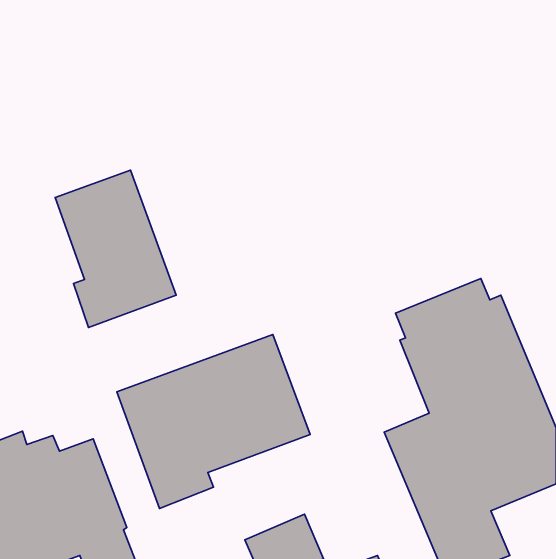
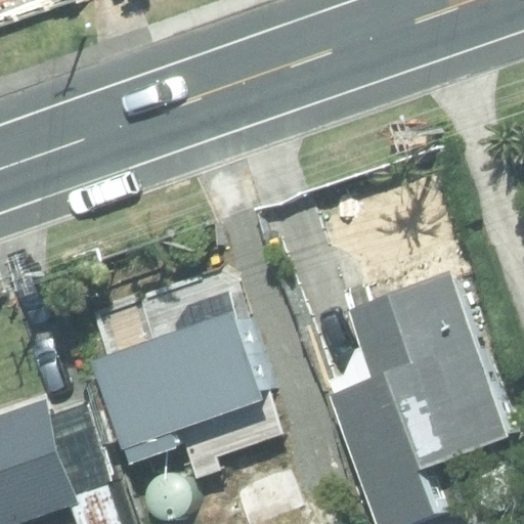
building: [55,170,176,327] -> none

